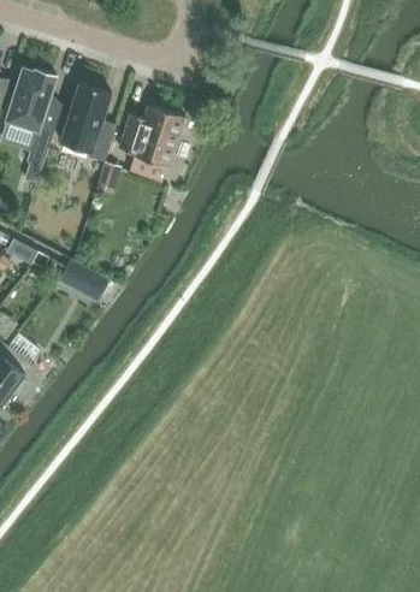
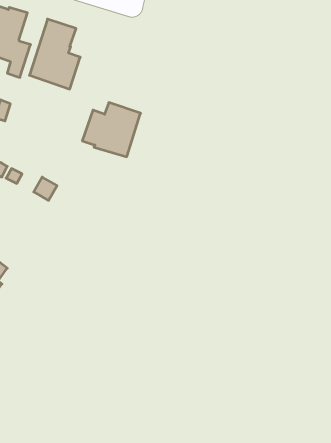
building: [117,105,183,166] -> [82,103,141,157]

